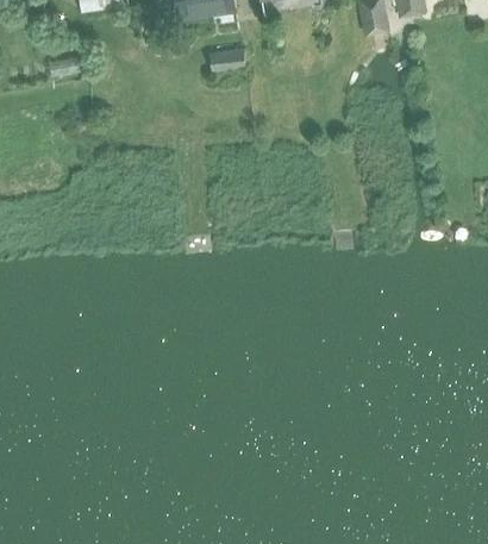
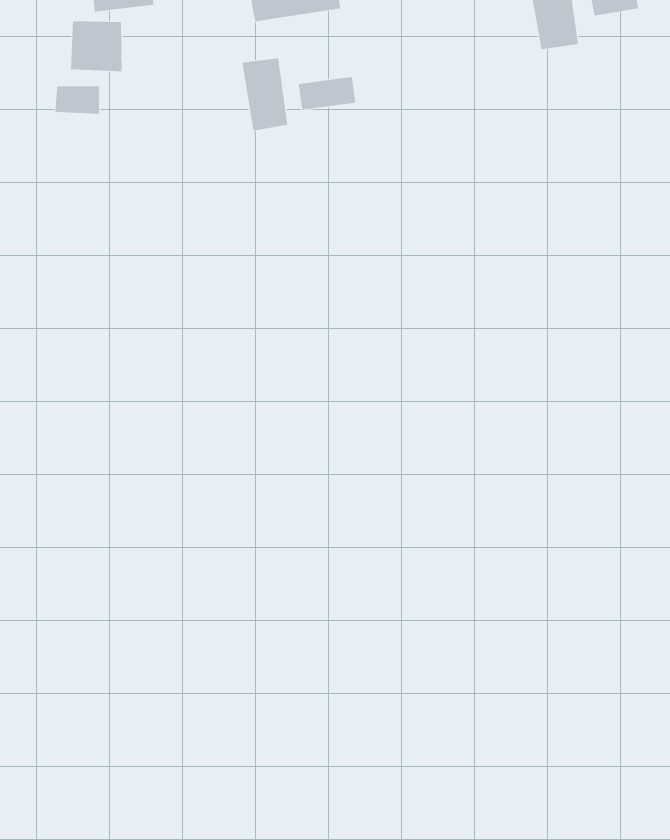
building: none -> [70,21,122,72]
building: none -> [242,58,288,131]

